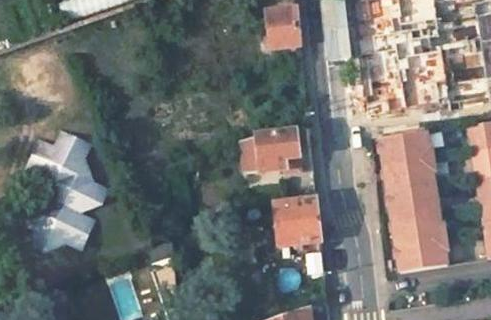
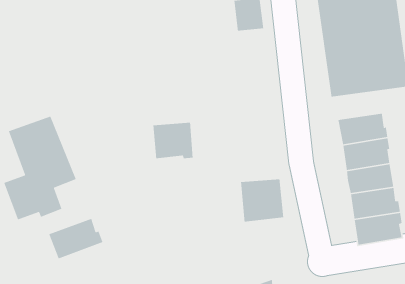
building: [258,132,301,171] -> [152,122,194,159]
building: none -> [48,218,104,259]

